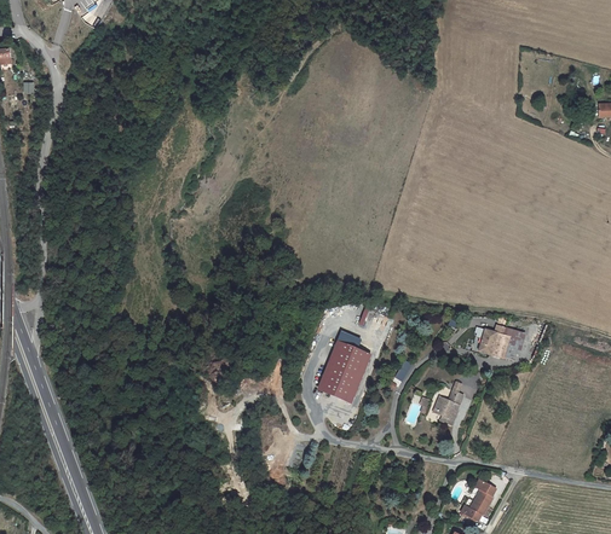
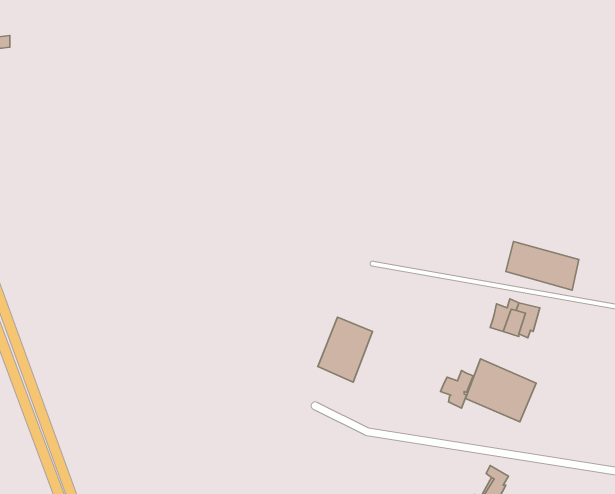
building: none -> [506,241,579,290]
building: none -> [465,359,536,422]

